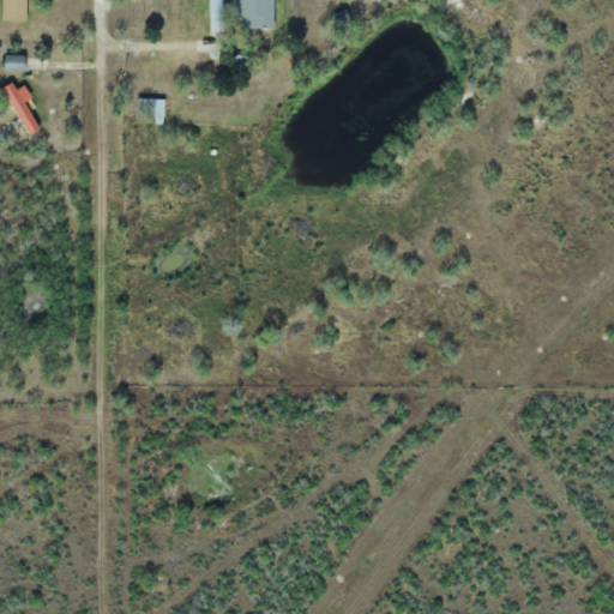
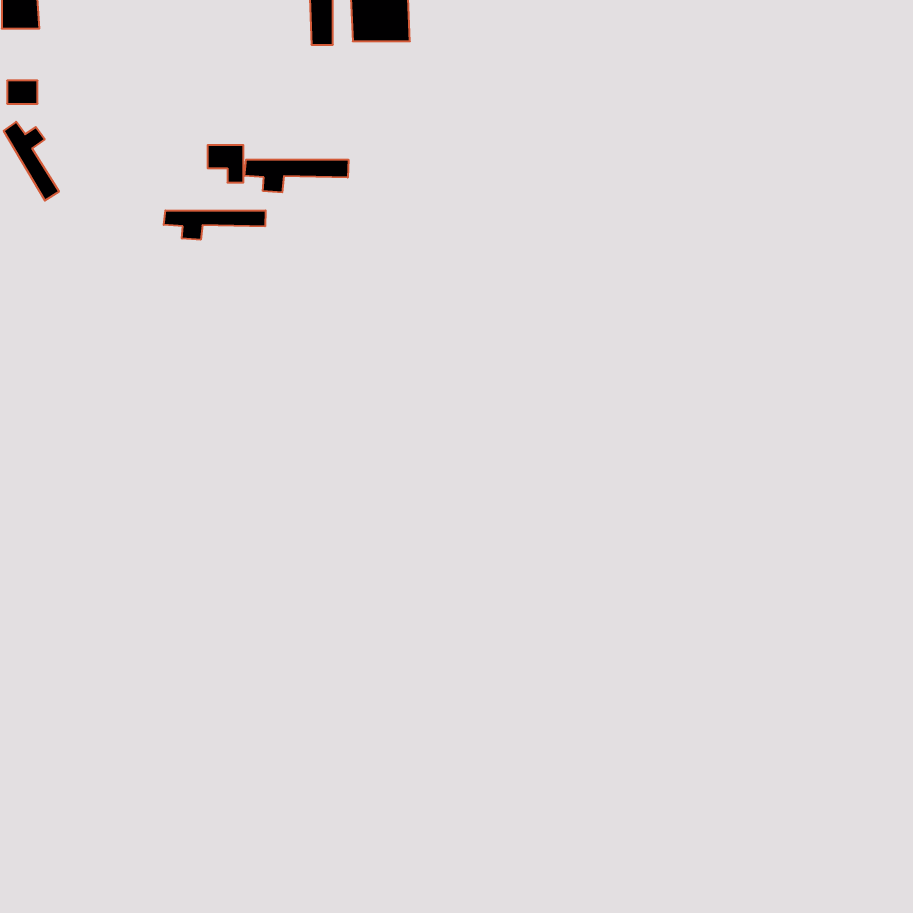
building: none -> [244,160,348,192]
building: none -> [164,210,266,240]

